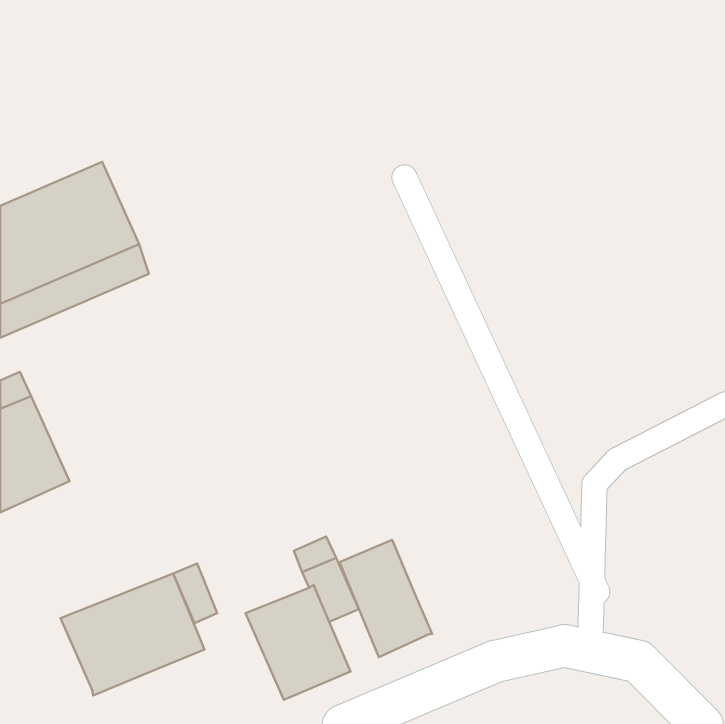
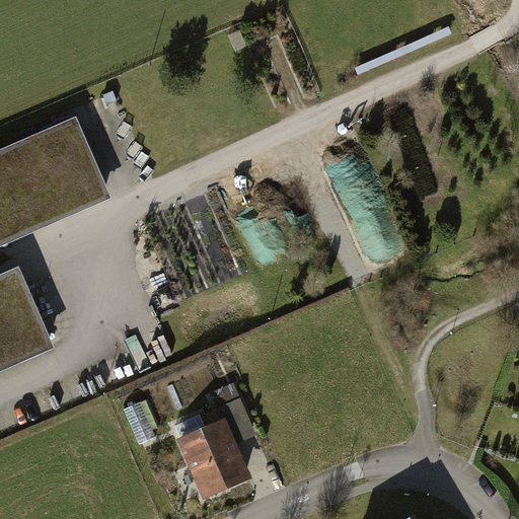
building: [340,540,432,657] -> none
building: [60,574,204,695] -> none

